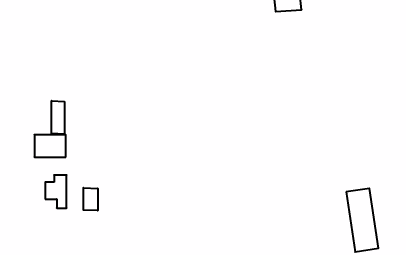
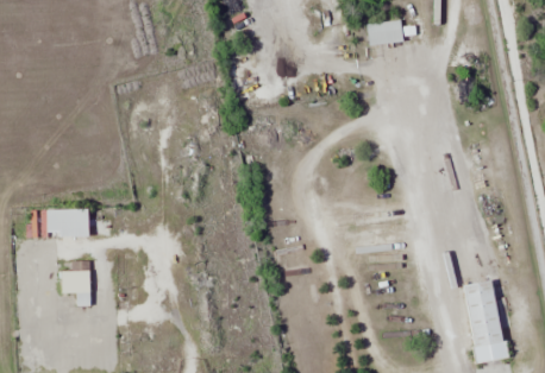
building: [52,101,64,134] -> none
building: [83,188,98,211] -> none

